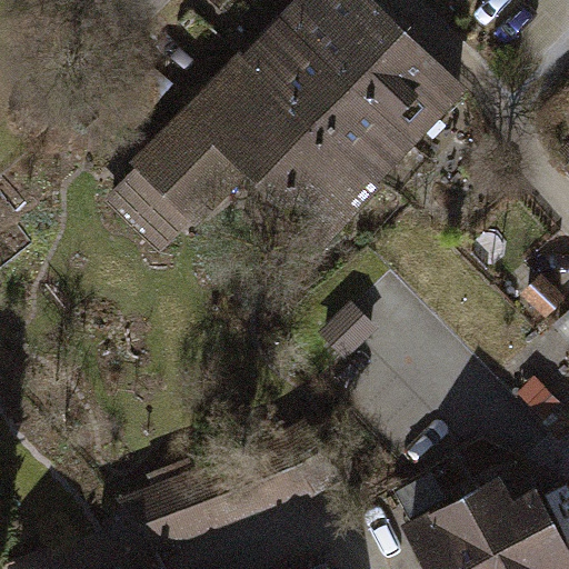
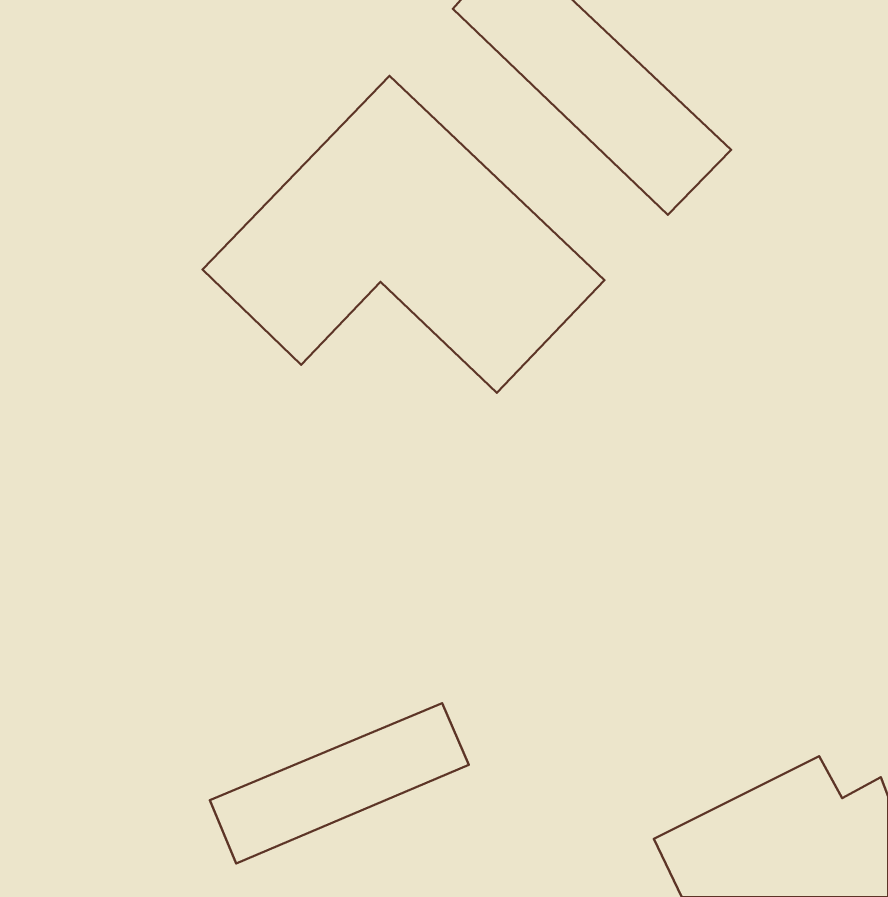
building: [246,6,421,177] -> none

